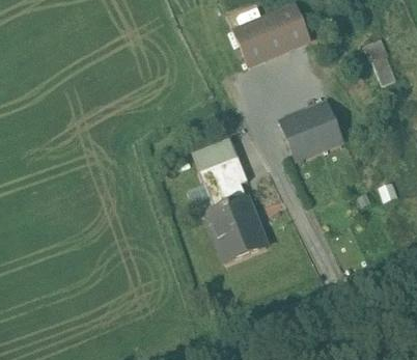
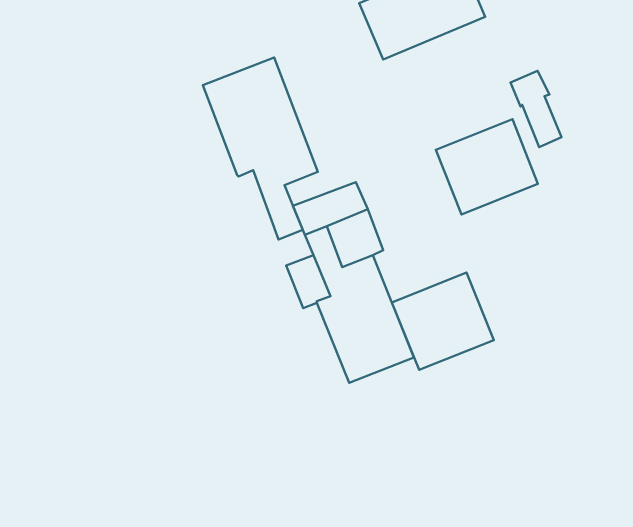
building: [364,38,395,85] -> [510,71,561,147]
building: none -> [203,58,318,240]
building: none -> [392,272,494,370]

